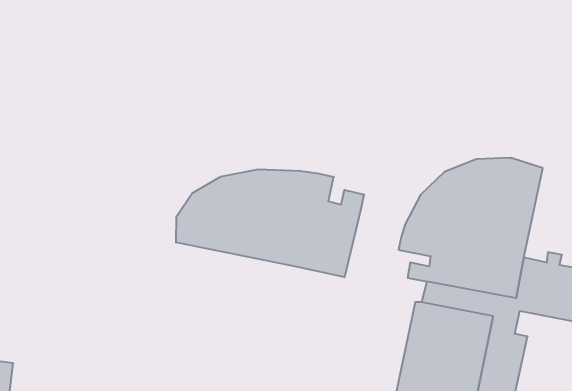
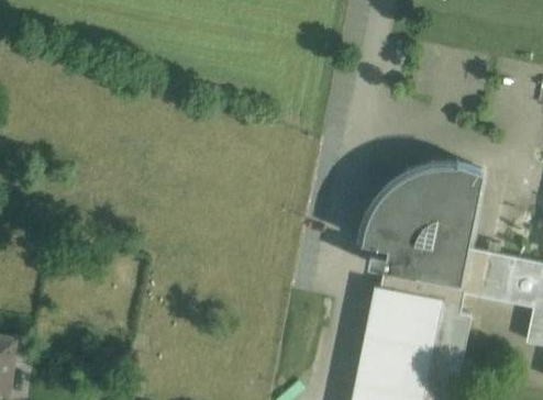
building: [176,169,364,277] -> none

